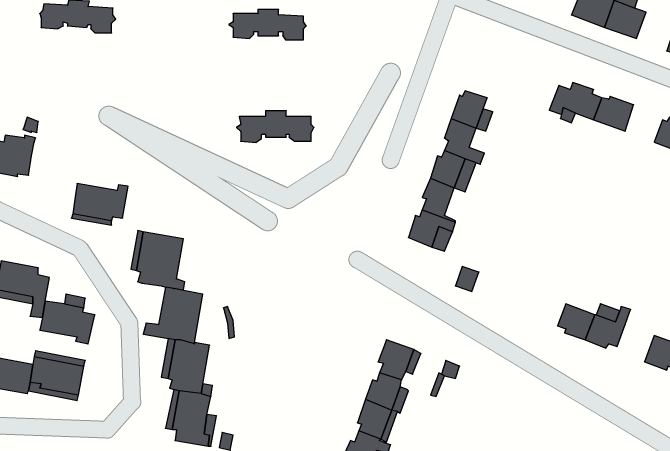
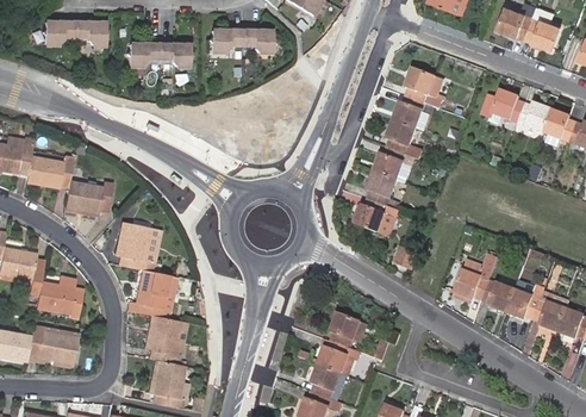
building: none -> [406,68,442,105]
building: none -> [544,110,576,142]
building: [237,111,314,143] -> [121,41,188,68]
building: none -> [29,154,75,187]
building: none -> [457,256,501,300]
building: none -> [537,288,574,331]

